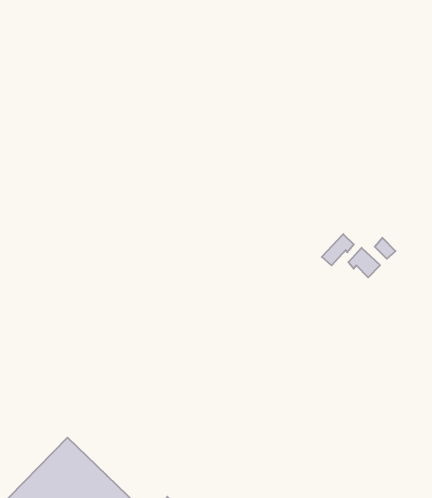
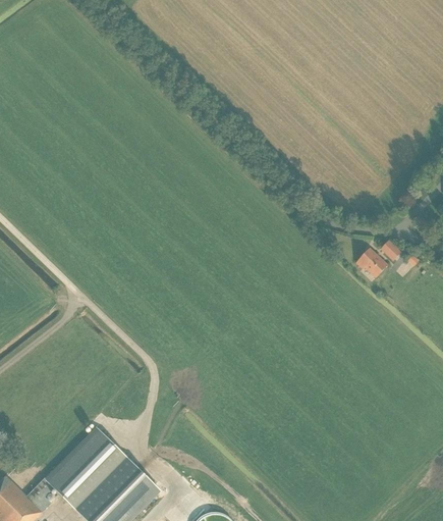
building: [322,234,354,265] -> none

